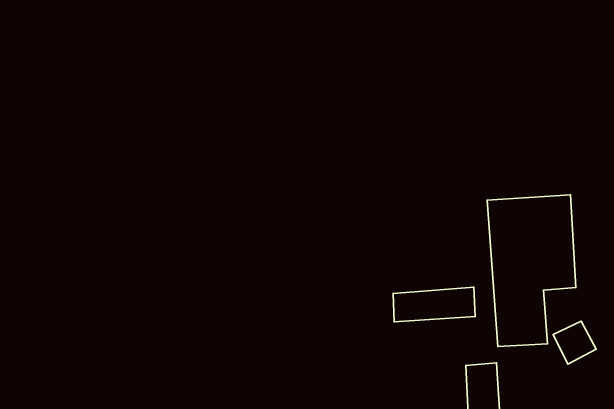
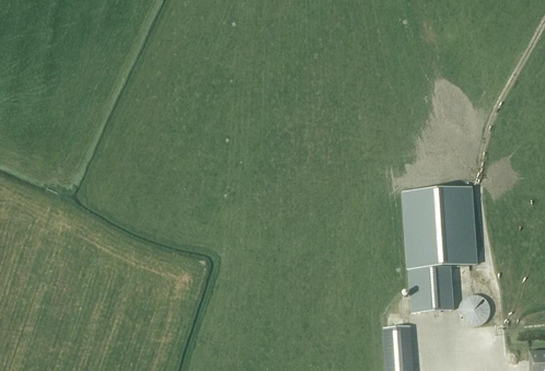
building: [393,287,475,322] -> none

